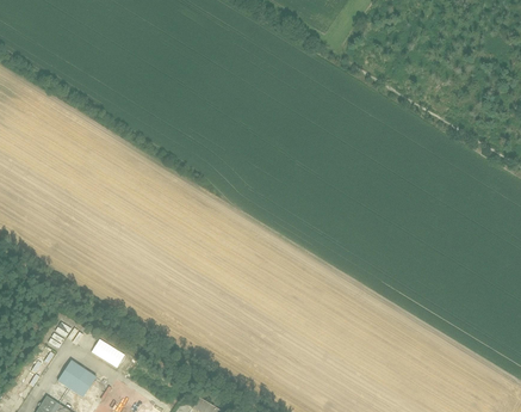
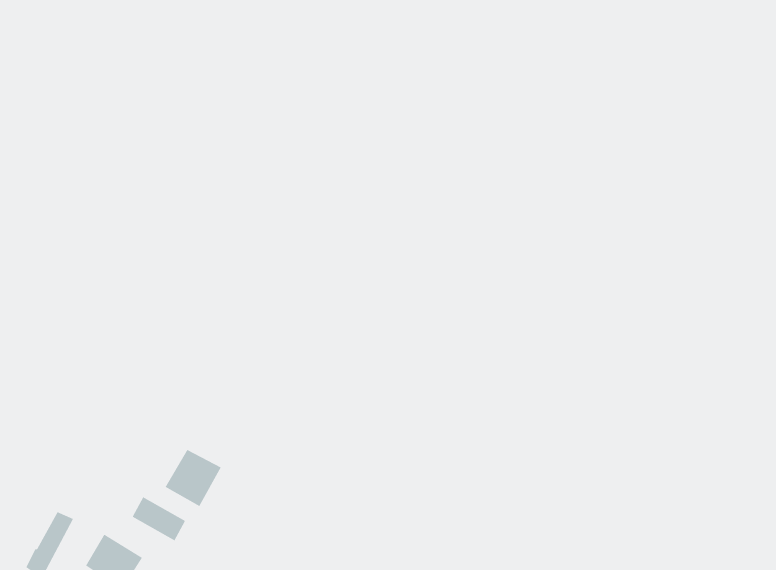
building: none -> [165,449,221,507]

